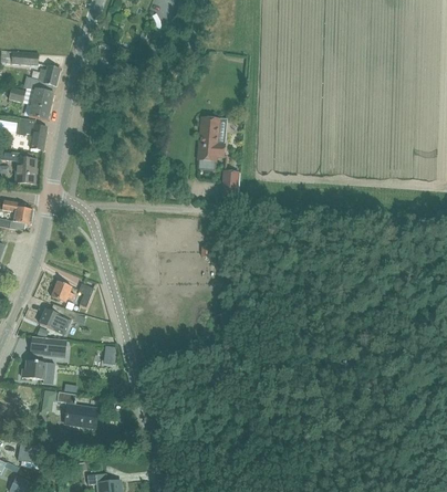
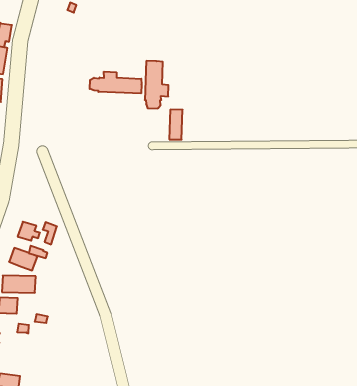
building: none -> [90,72,141,93]
building: [56,391,96,427] -> none

